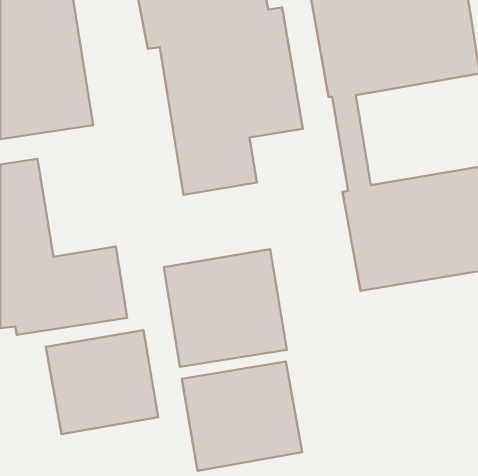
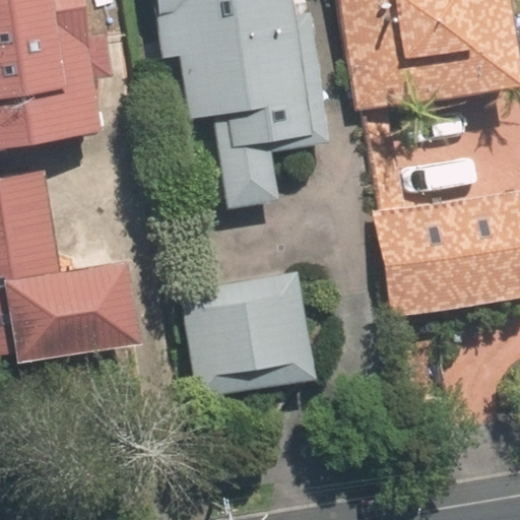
building: [46,330,158,434] -> none
building: [182,361,302,471] -> none

